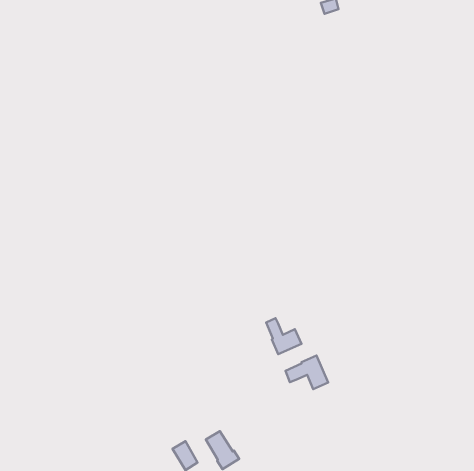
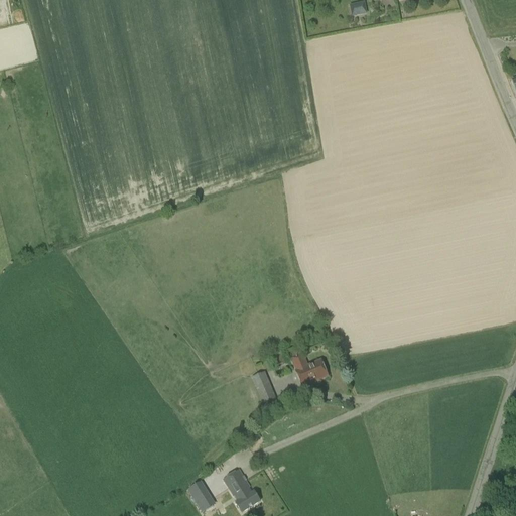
building: none -> [251,370,277,404]
building: [286,355,328,389] -> none

